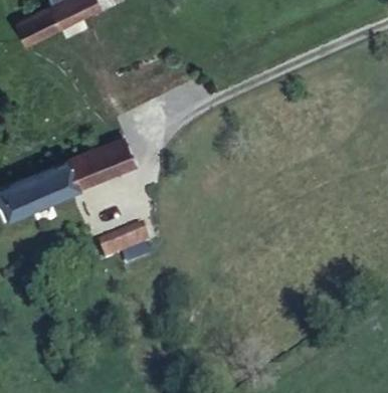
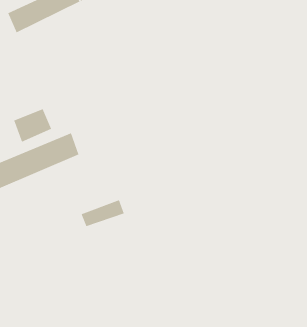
building: [90,141,134,179] -> [13,108,52,143]

